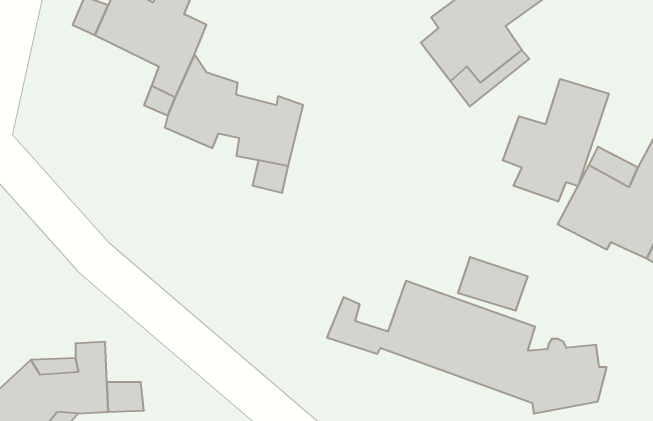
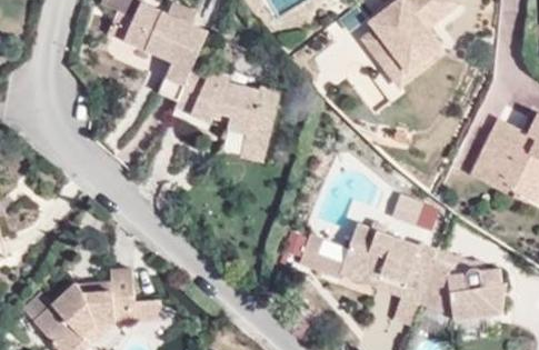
building: [503,79,609,202] -> none

